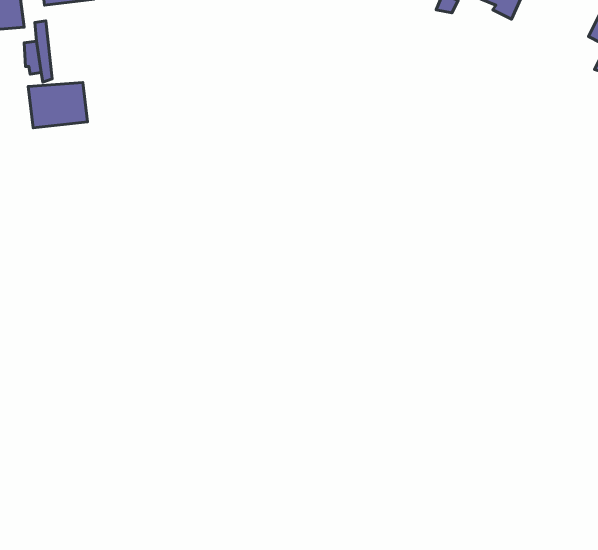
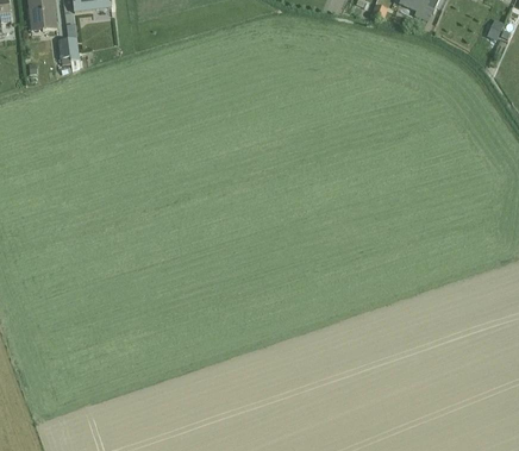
building: [28,82,87,128] -> none

